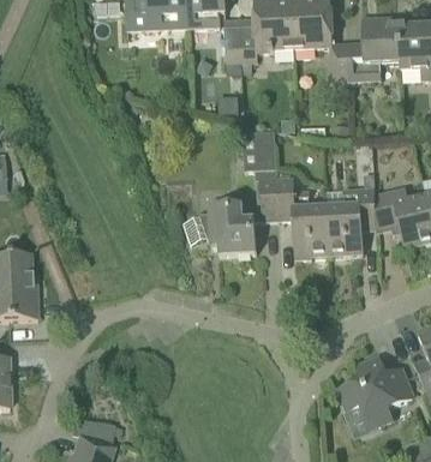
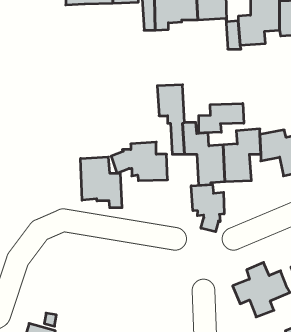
building: none -> [199,103,244,133]
building: none -> [81,157,122,208]
building: none -> [191,184,224,232]

